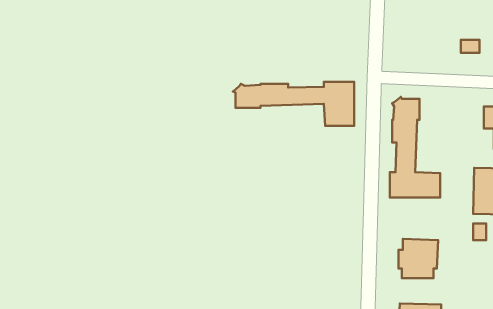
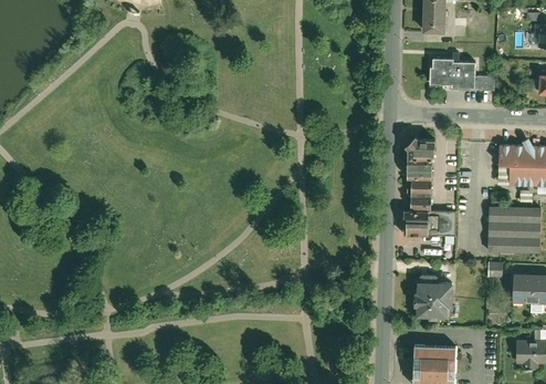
building: none -> [429,58,473,89]
building: [233,82,354,126] -> none

